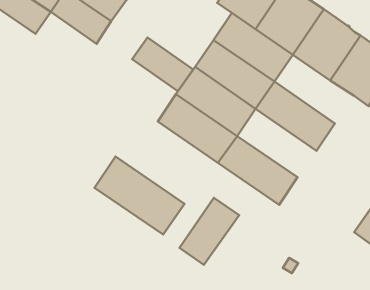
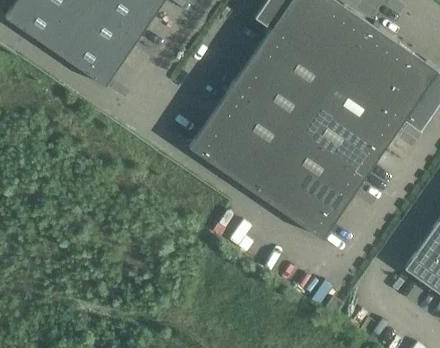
building: [132,37,193,91] -> [55,26,122,85]
building: none -> [317,73,404,148]
building: none -> [276,132,363,207]
building: [94,156,185,234] -> none
building: [179,198,239,265] -> none

